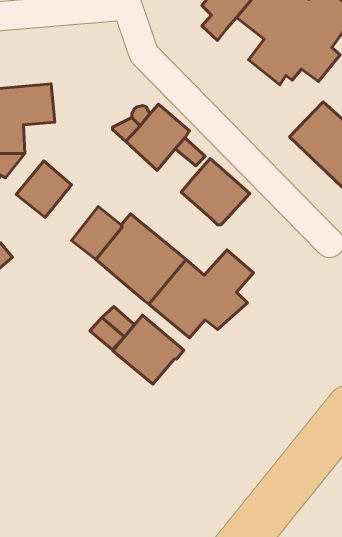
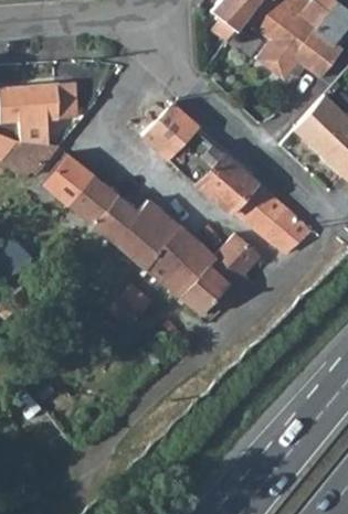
building: none -> [68,174,117,225]
building: none -> [232,182,309,253]
building: [113,315,184,384] -> none

